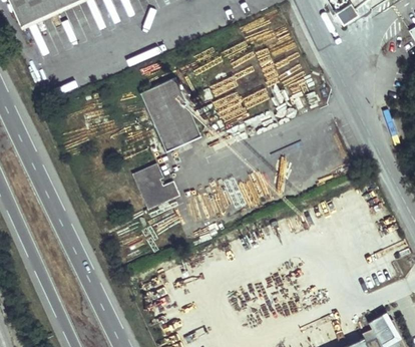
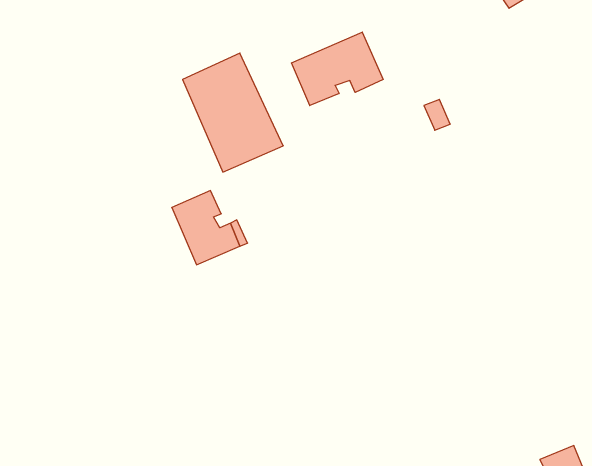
building: none -> [291,32,383,106]

